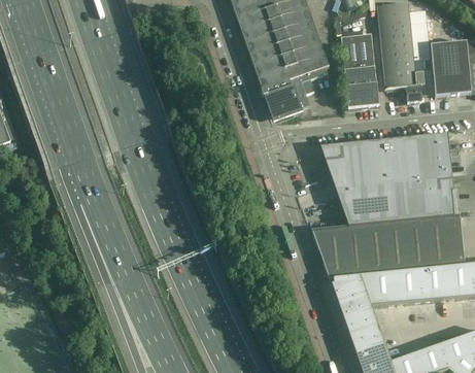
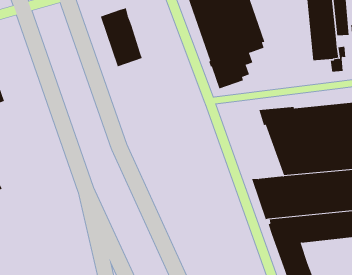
building: none -> [100,7,142,67]
building: [340,32,378,107] -> none

